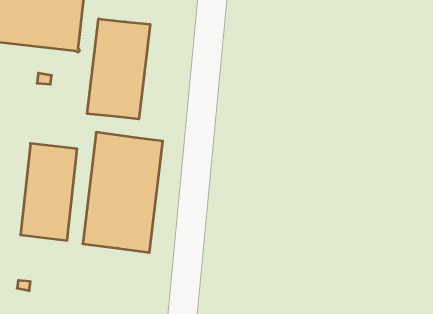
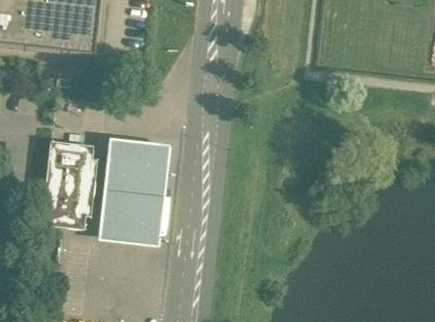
building: [87,19,150,119] -> none

